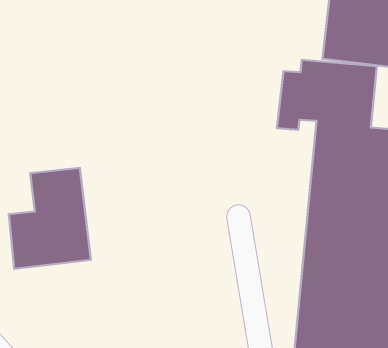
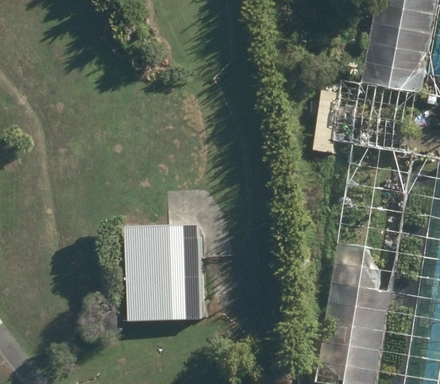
building: [9,168,91,269] -> [126,223,205,320]

